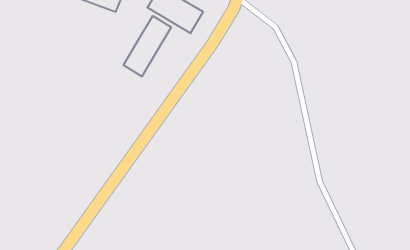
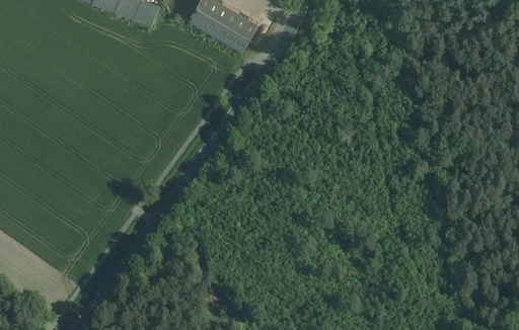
building: [124,16,171,77] -> none

